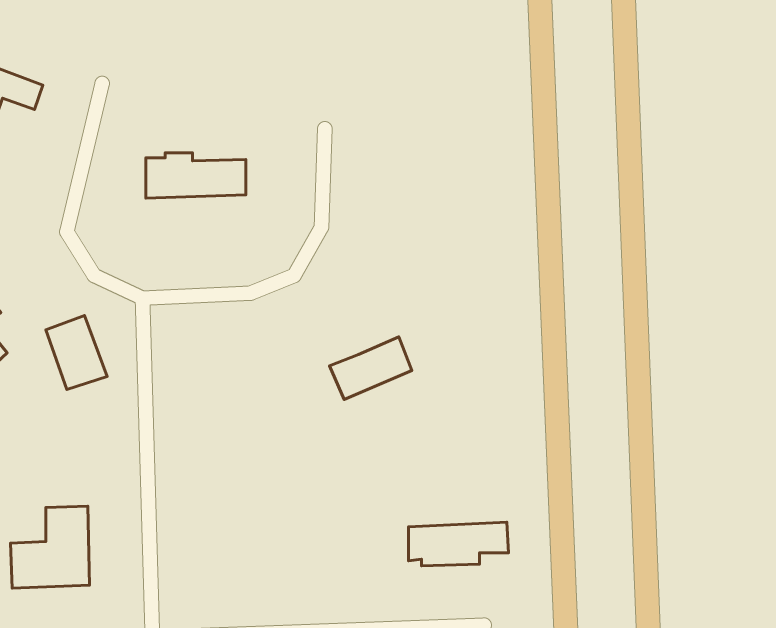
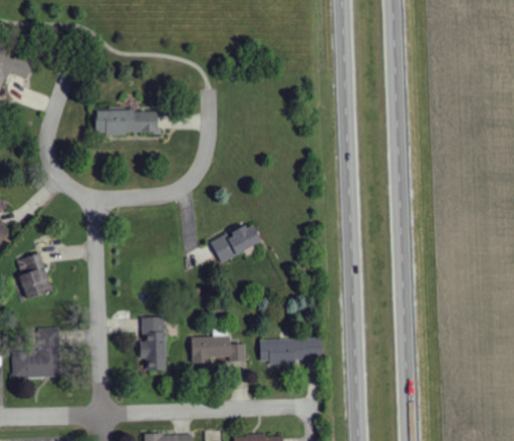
building: [46,315,107,390] -> [15,252,53,298]
building: none -> [141,316,166,371]
building: none -> [191,337,246,364]

